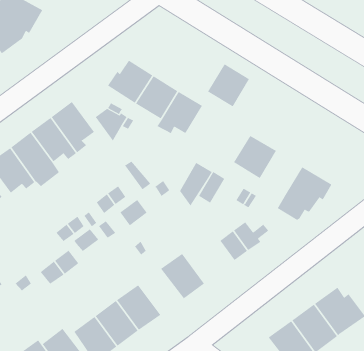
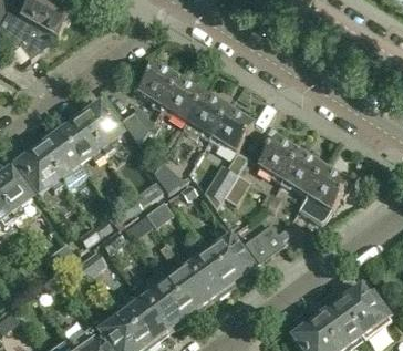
building: [207,63,250,107] -> [211,106,254,149]
building: none -> [285,151,326,194]
building: none -> [208,235,252,281]
building: none -> [165,267,209,312]

